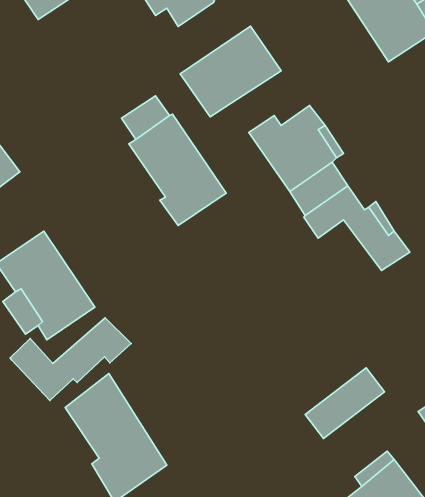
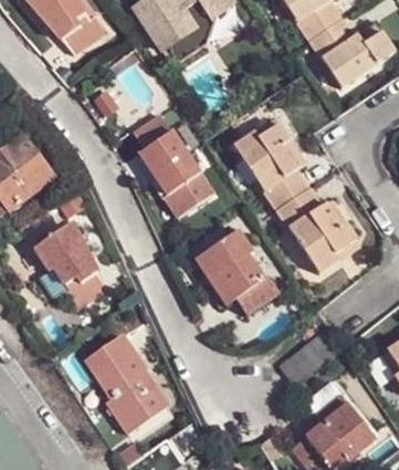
building: [180,26,281,117] -> none
building: none -> [286,212,340,273]
building: none -> [193,229,280,313]
building: [10,318,131,400] -> none

